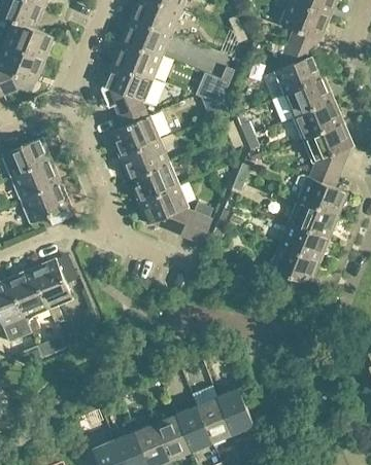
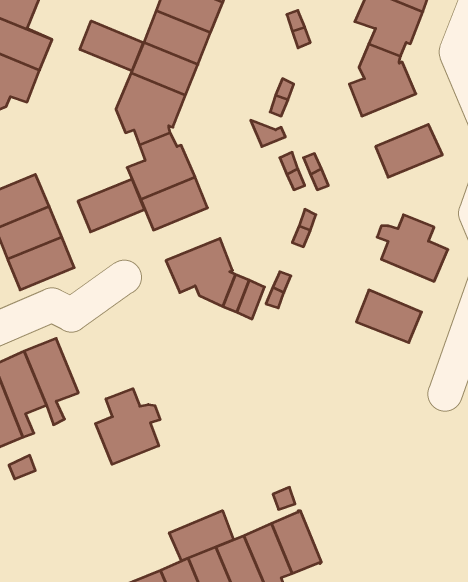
building: none -> [80,21,143,71]
building: [284,79,334,118] -> none
building: [304,124,353,178] -> none
building: [130,164,179,203] -> [78,179,145,232]
building: [290,202,338,241] -> none
building: [270,248,319,287] -> none
building: none -> [95,389,160,464]
building: none -> [169,511,233,561]

